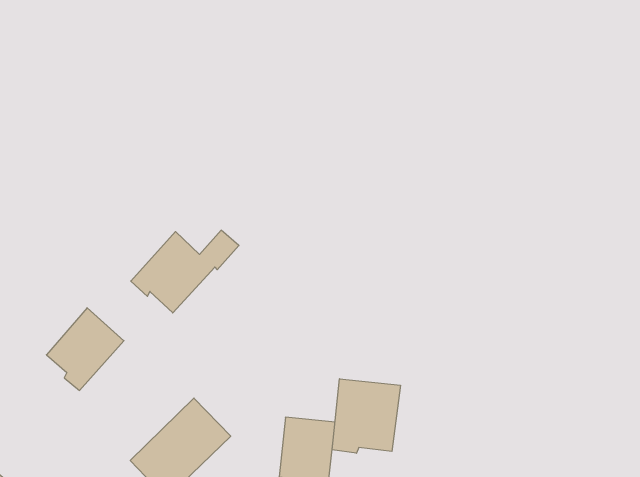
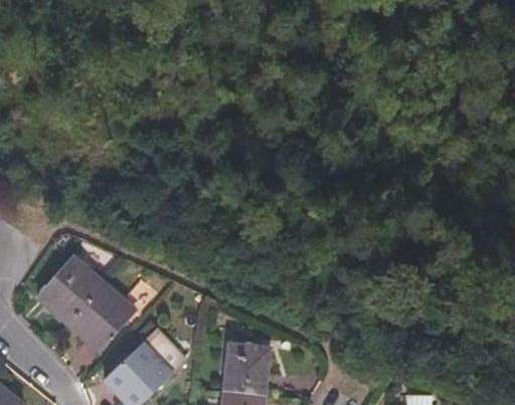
building: [131,230,239,313] -> [66,282,152,348]
building: [332,379,400,453] -> none

